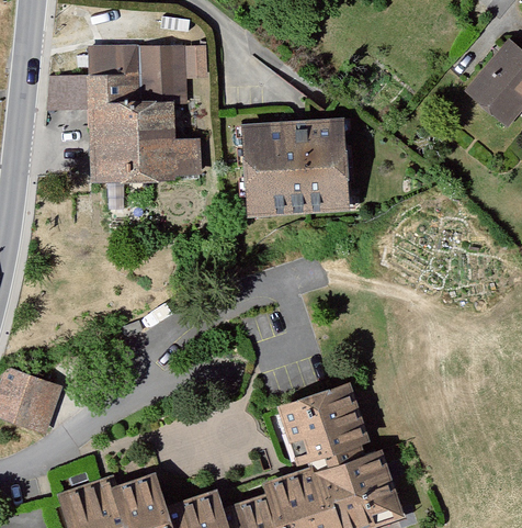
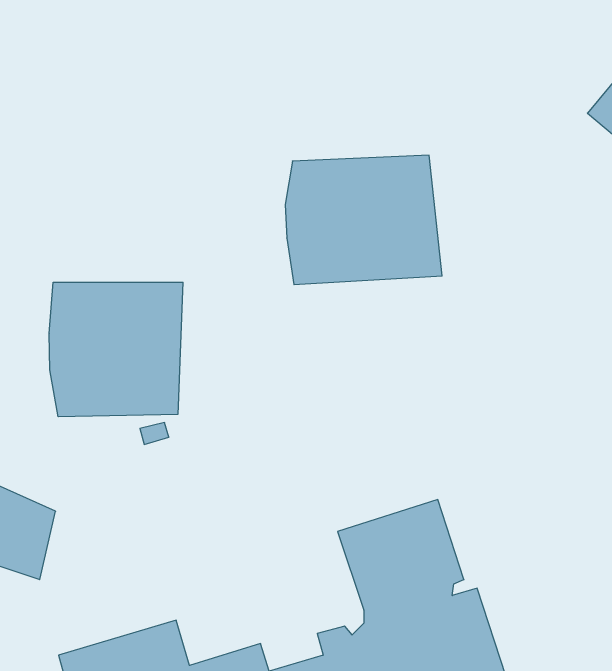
building: [44,47,211,205] -> none
building: none -> [49,282,183,417]

